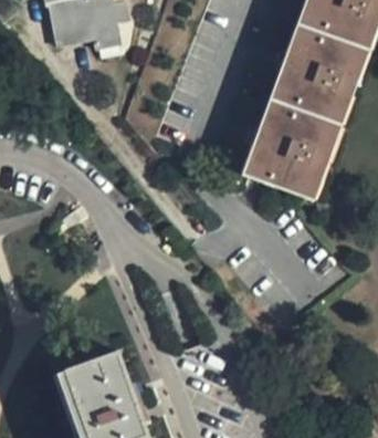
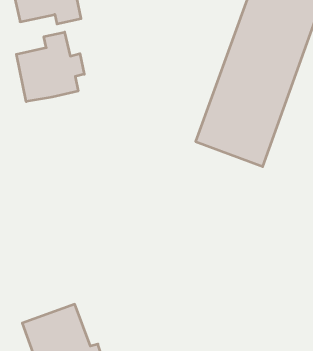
building: none -> [16,32,84,102]

